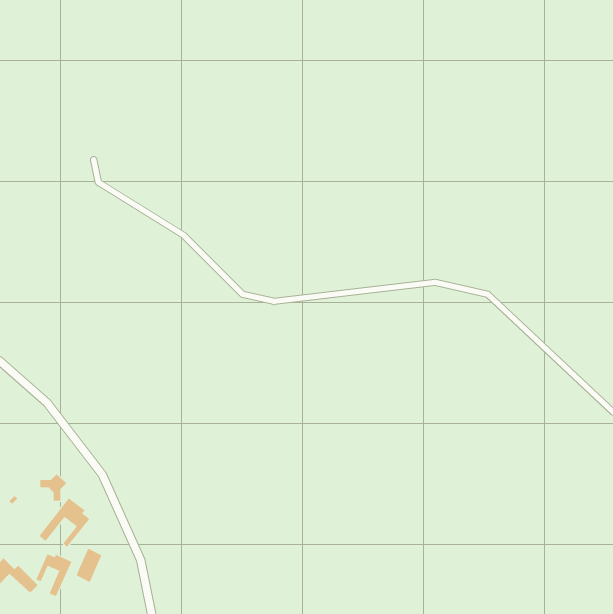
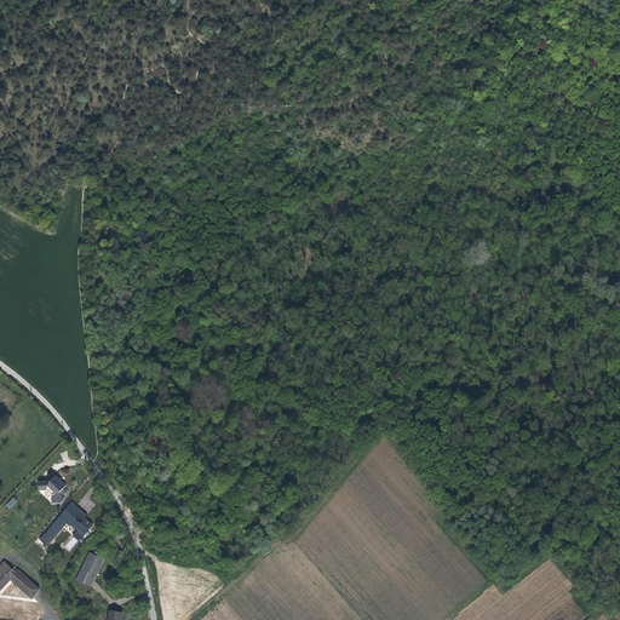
building: [36,553,72,597] -> none

